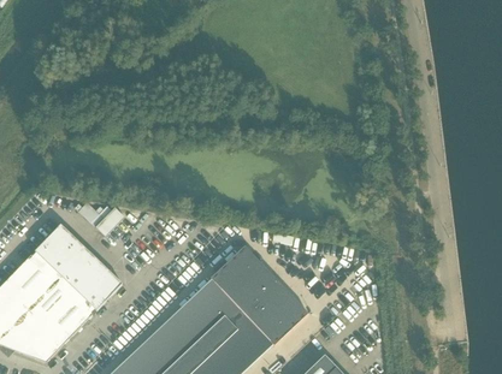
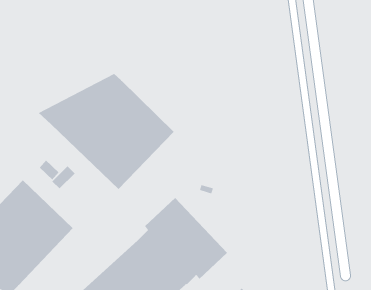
building: none -> [38,73,174,190]

